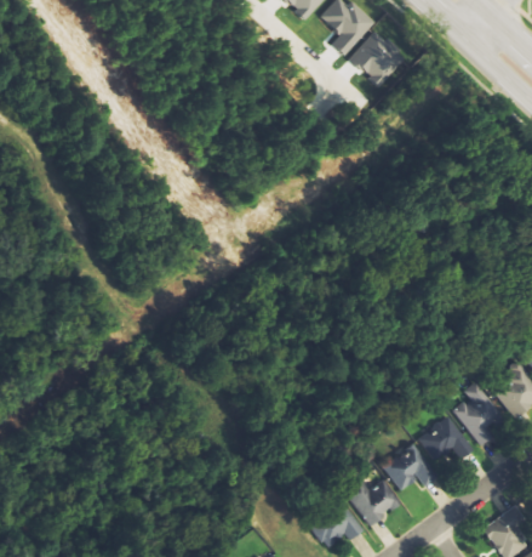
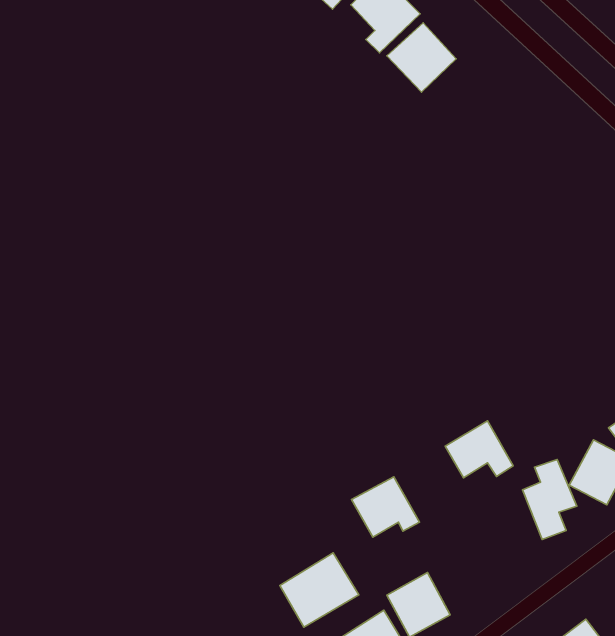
building: [417,415,471,461] -> [445,421,513,478]
building: [381,443,435,491] -> [352,477,419,537]
building: none -> [280,553,359,627]

